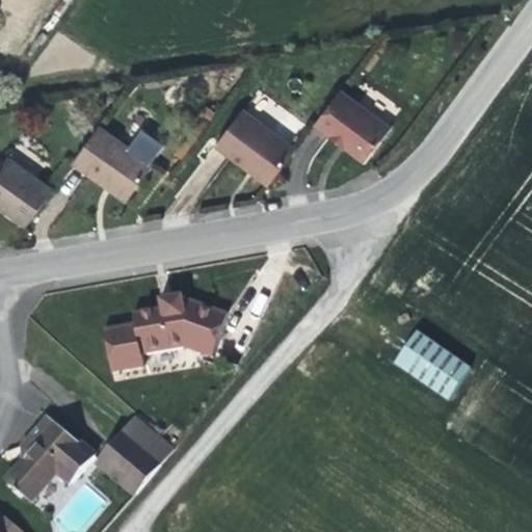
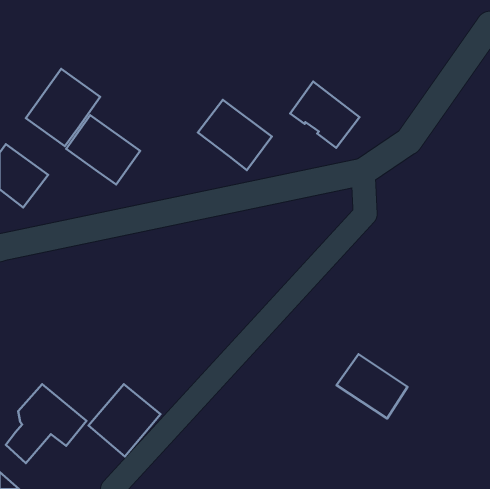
building: none -> [26,69,100,146]
building: [103,293,227,372] -> none
building: [393,330,470,400] -> [336,354,407,419]

